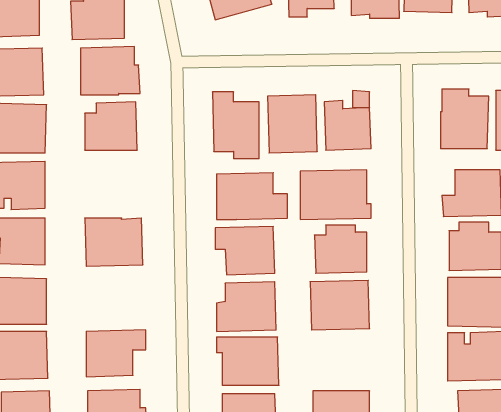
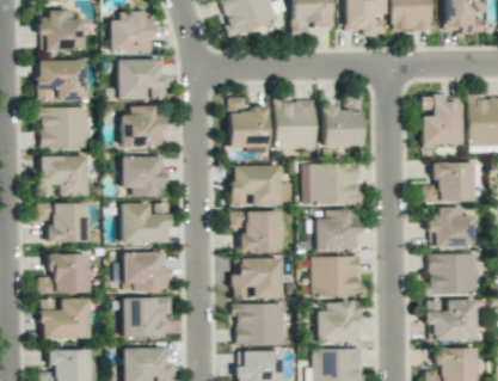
building: none -> [122,156,166,197]
building: none -> [123,252,168,293]
building: none -> [316,301,362,343]

